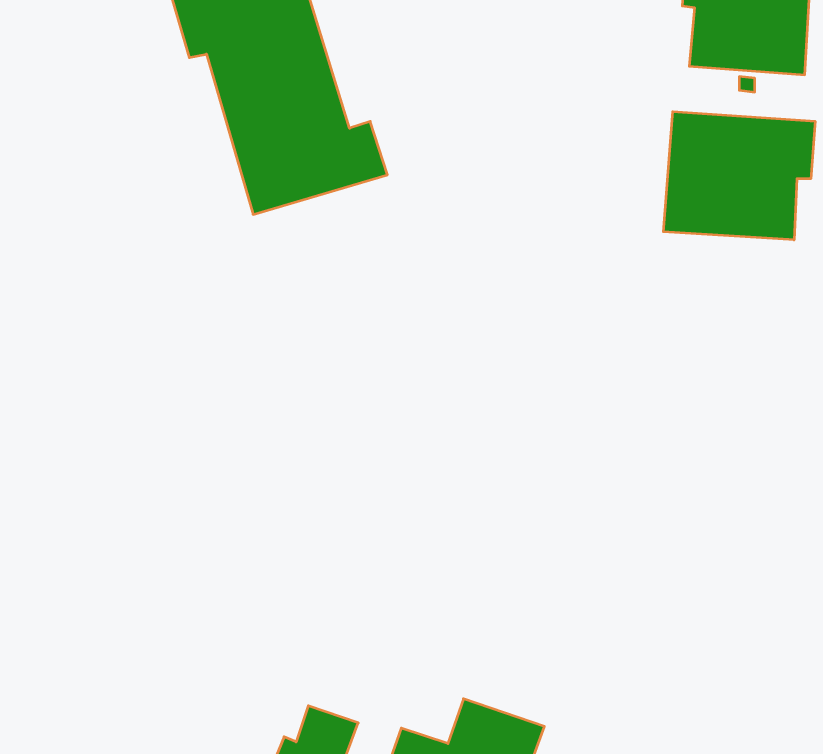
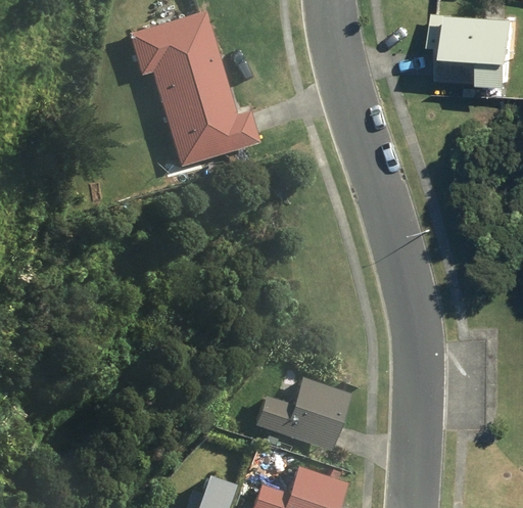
building: [663,112,815,240] -> none
building: none -> [262,372,355,445]

